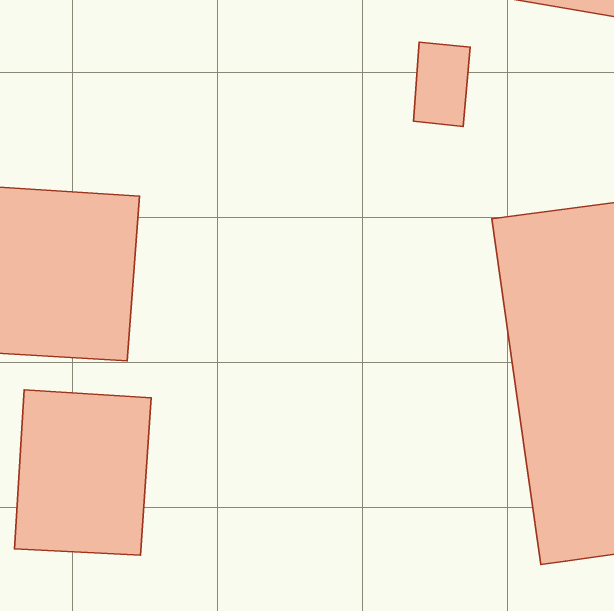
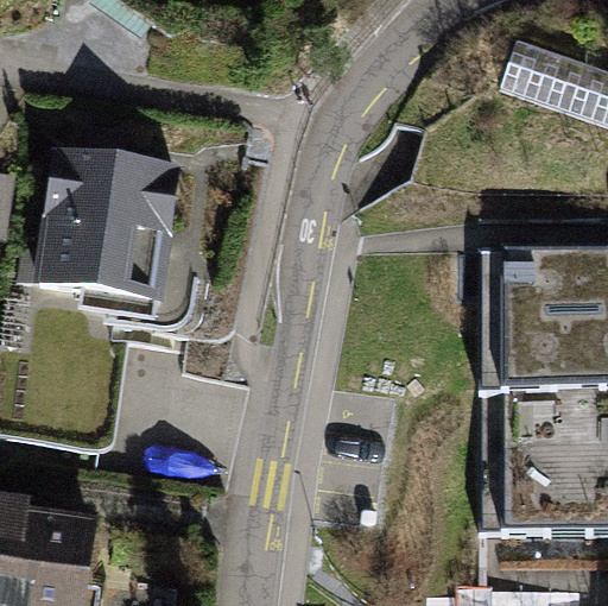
building: [14,390,151,555] -> none

